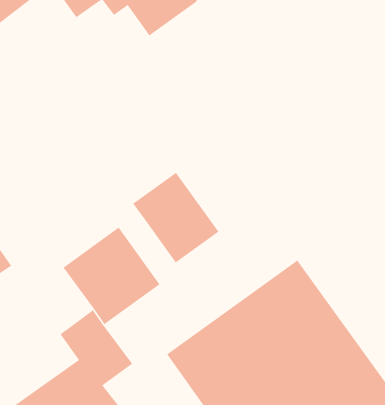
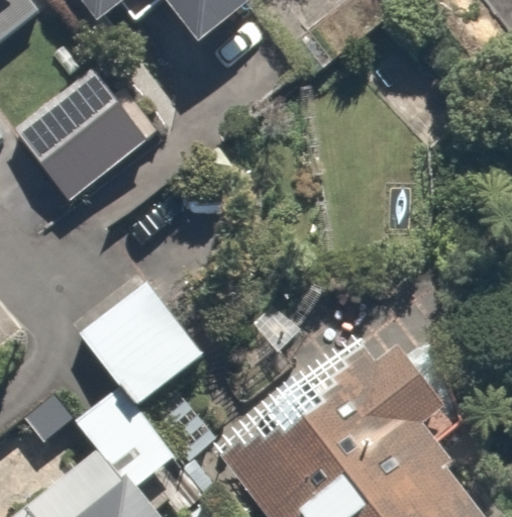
building: none -> [10,67,153,209]
building: [132,172,220,263] -> none

